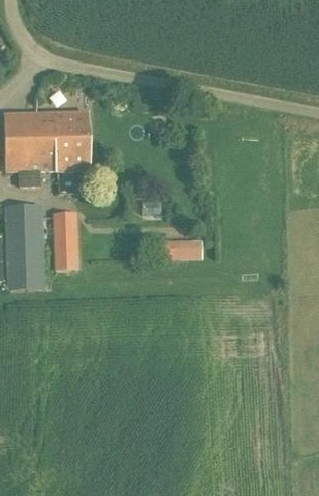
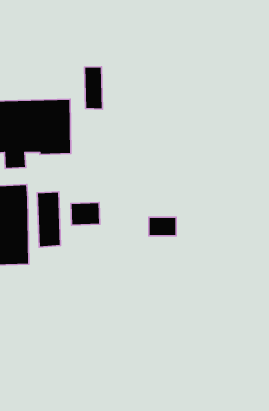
building: none -> [85,67,103,109]
building: none -> [71,203,100,225]

